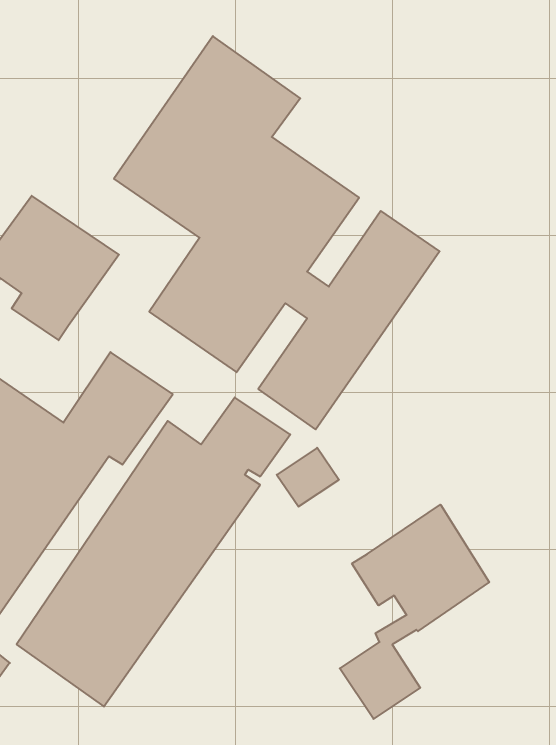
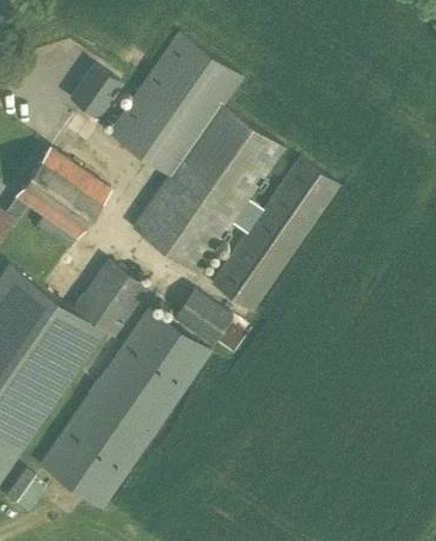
building: none -> [70,66,118,116]
building: [340,505,489,719] -> none

